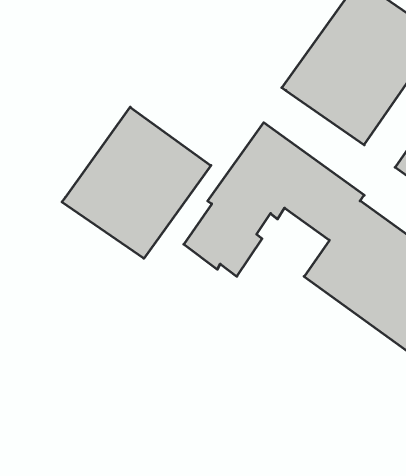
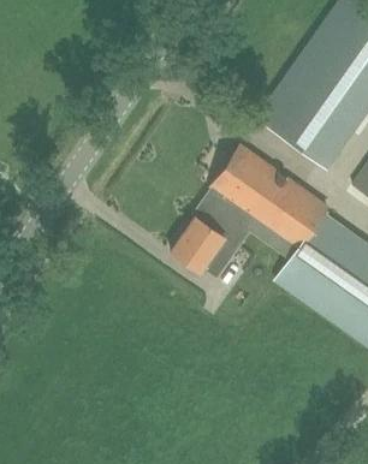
building: [62,107,211,258] -> none

